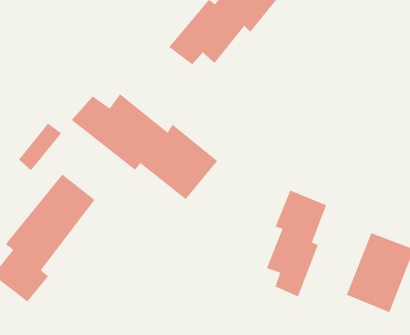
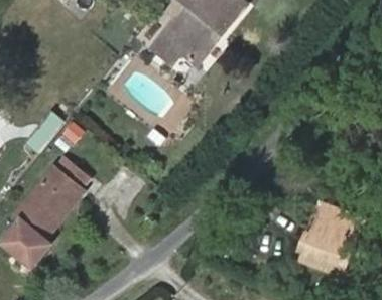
building: [71,93,218,200] -> none
building: [266,189,327,297] -> none

